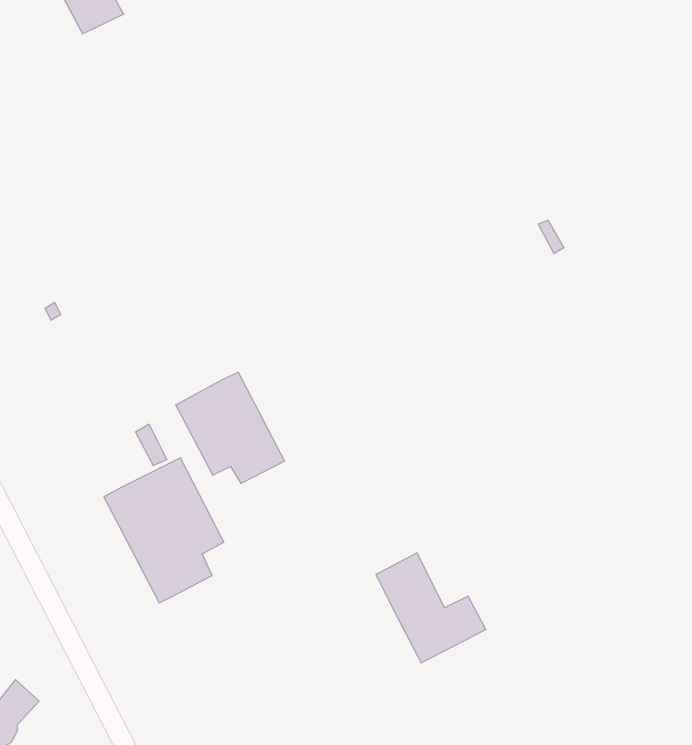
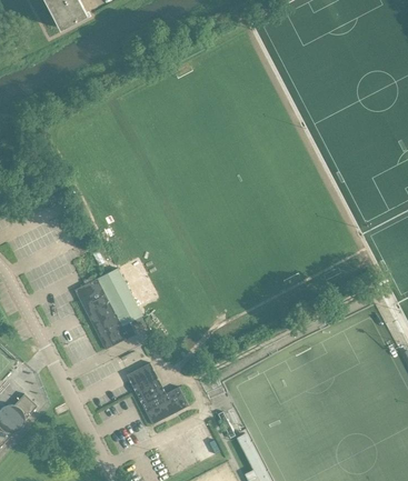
building: [176,372,284,484] -> none
building: [376,553,486,663] -> [126,362,188,424]

